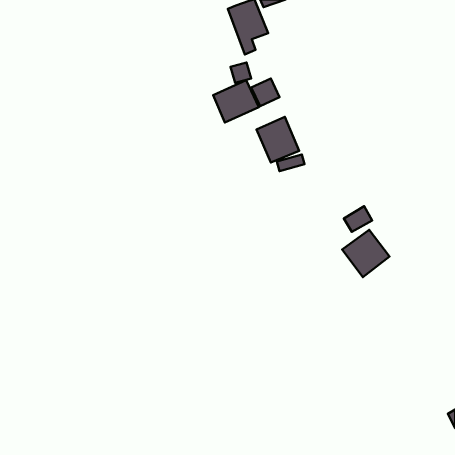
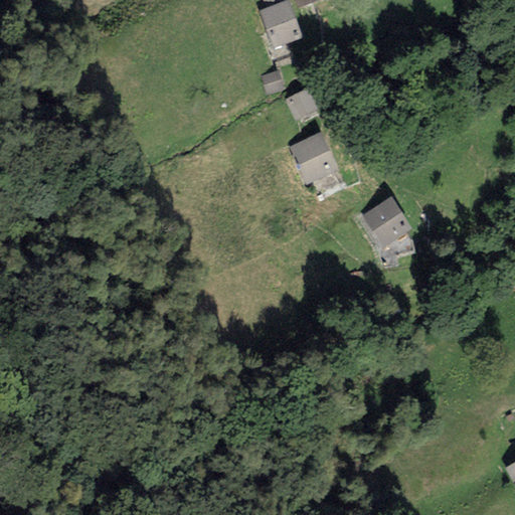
building: [213,80,259,122] -> none
building: [342,230,390,277] -> [358,196,411,249]

